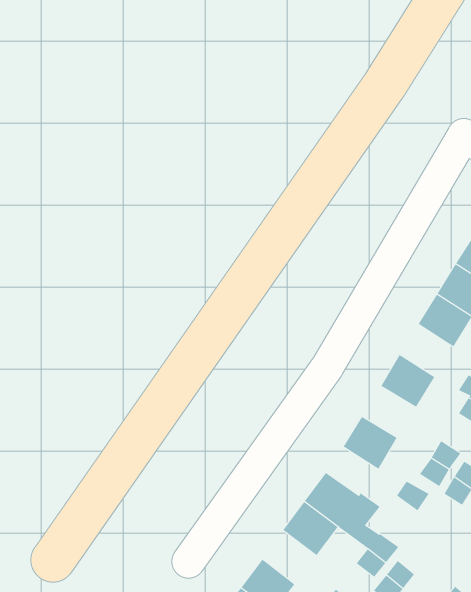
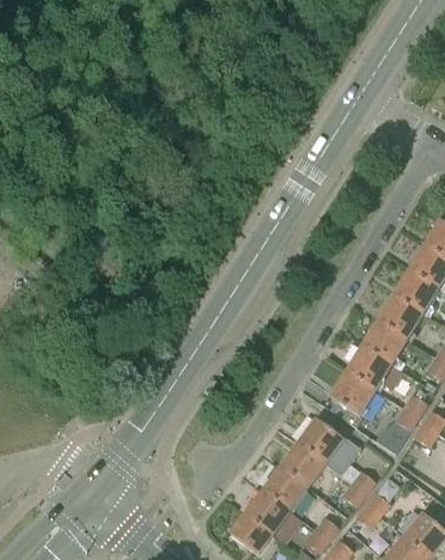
building: none -> [377,296,422,340]
building: none -> [346,347,391,390]
building: none -> [263,467,309,512]

